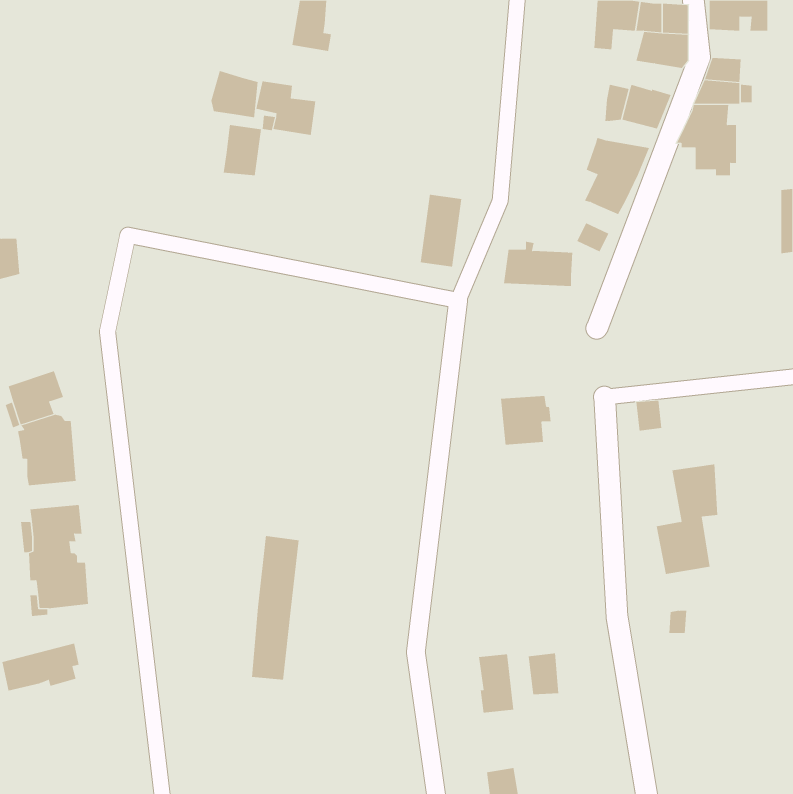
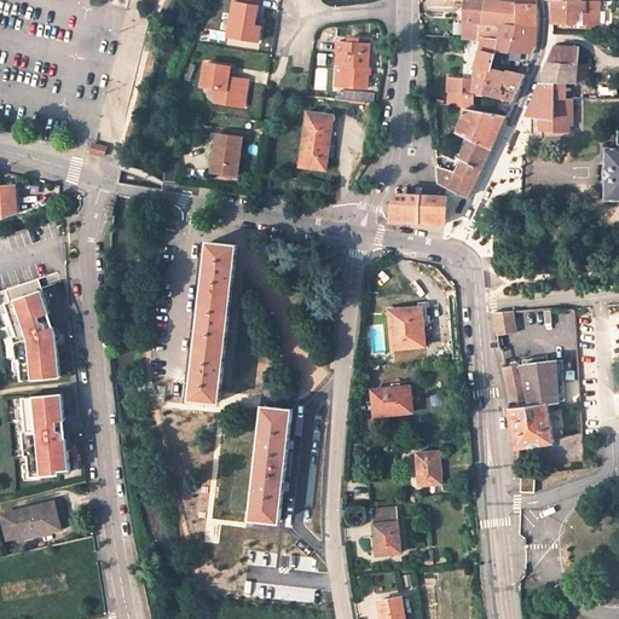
building: none -> [473,24,499,70]
building: none -> [334,42,366,88]
building: [211,70,258,118] -> none
building: none -> [444,70,472,110]
building: [223,125,262,176] -> [209,134,239,174]
building: [420,194,462,267] -> [297,112,330,169]
building: none -> [435,161,480,189]
building: none -> [191,244,235,401]
building: none -> [501,366,528,410]
building: none -> [371,384,410,415]
building: [251,535,299,680] -> [251,407,289,520]
building: [528,653,559,695] -> [416,452,440,485]

